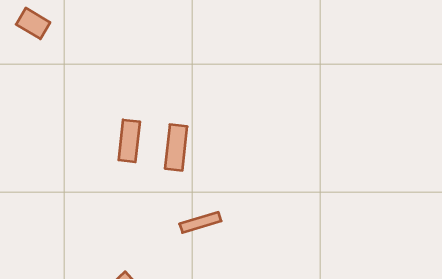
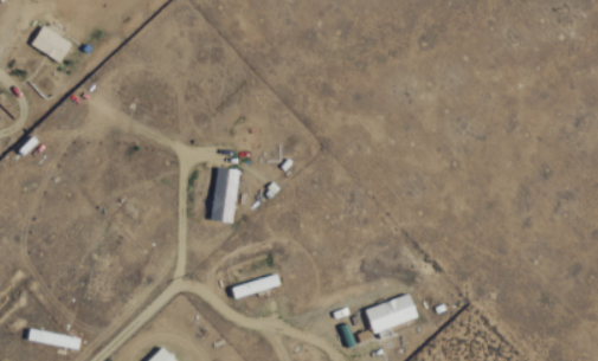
building: [119,120,140,162] -> none
building: none -> [367,296,418,330]

